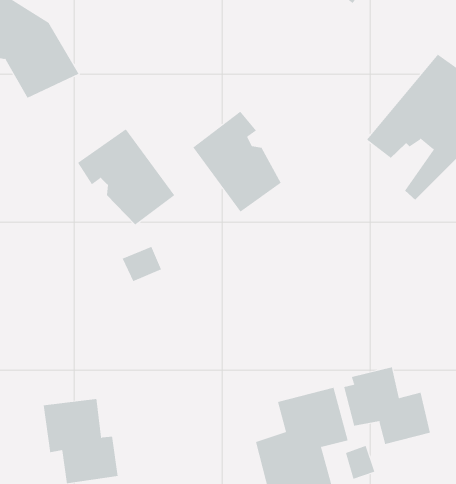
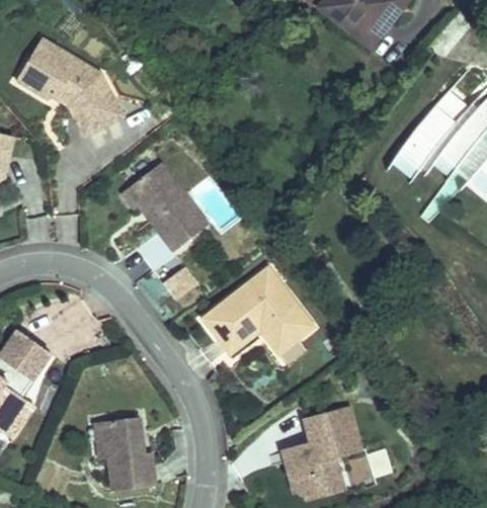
building: [193,111,281,213] -> none
building: none -> [201,267,316,360]
building: [344,367,431,445] -> none

